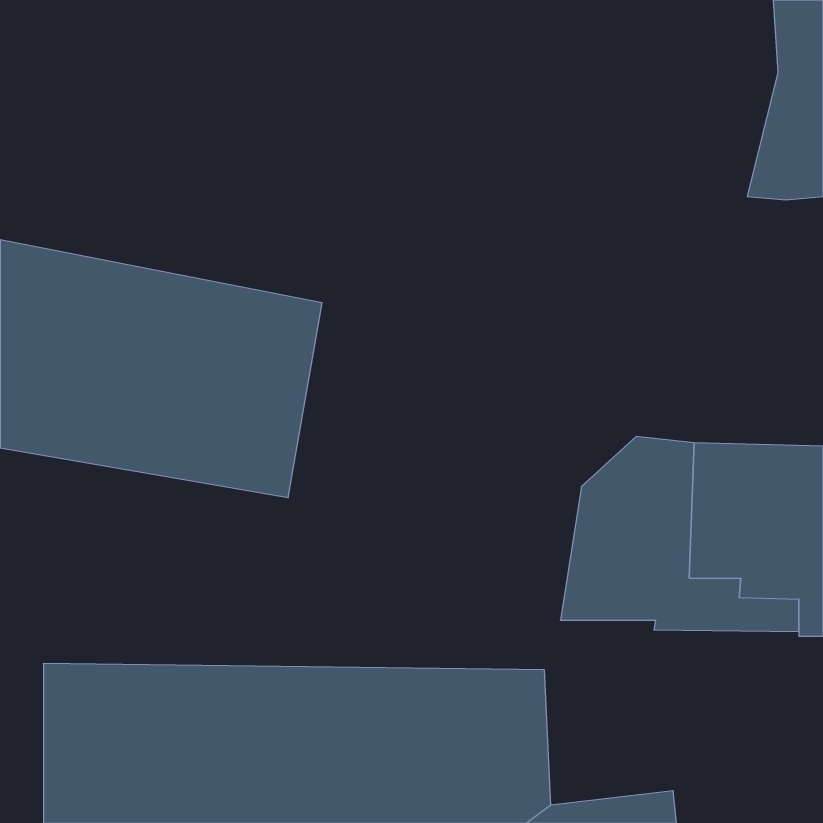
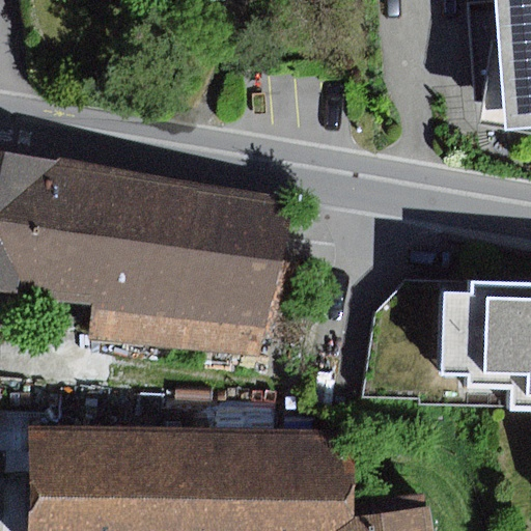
building: none -> [181,195,295,360]

